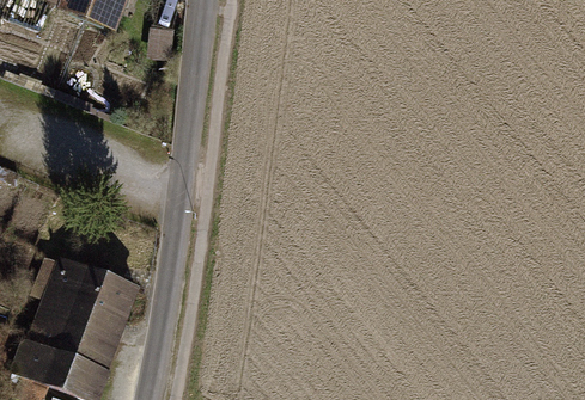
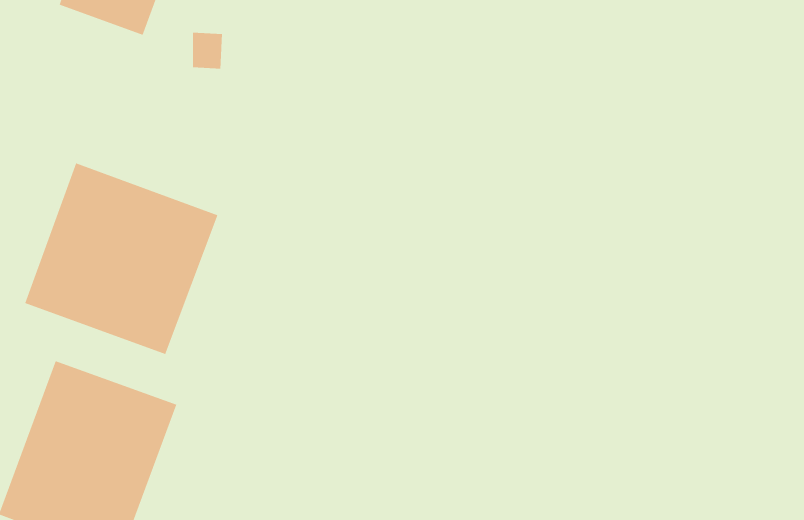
building: none -> [24,162,218,355]

